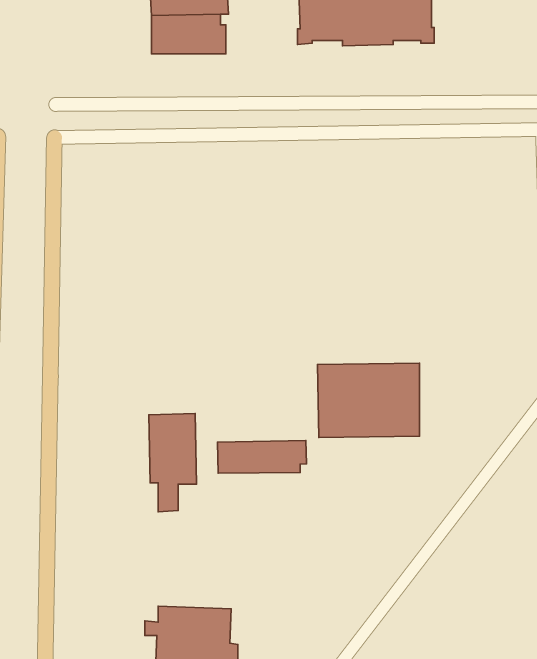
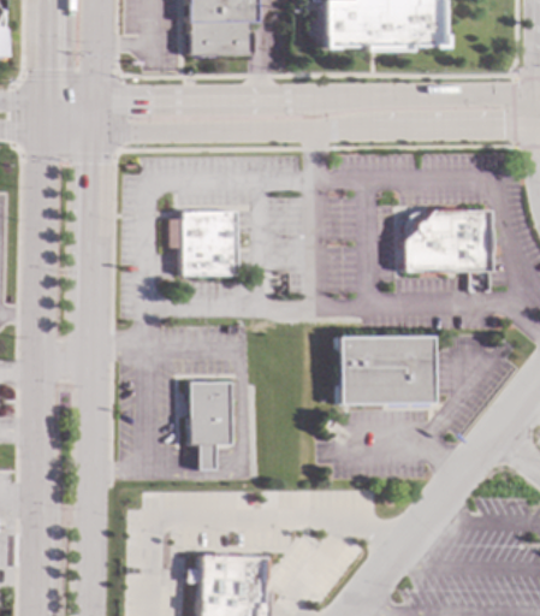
building: none -> [405,208,491,271]
building: none -> [173,211,241,276]
building: [218,440,306,473] -> none

